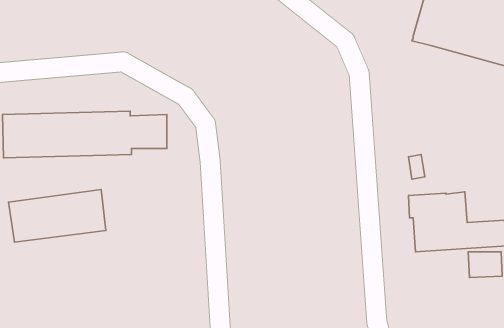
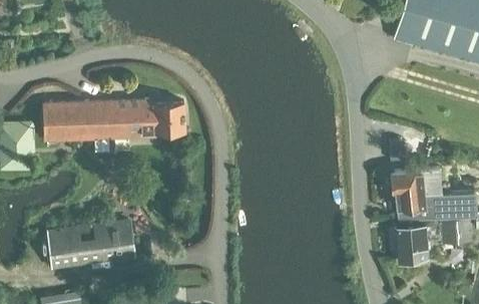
building: [9,189,106,242] -> [49,222,132,267]
building: none -> [396,224,438,260]

